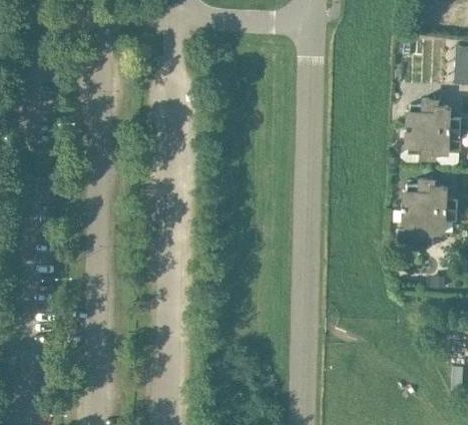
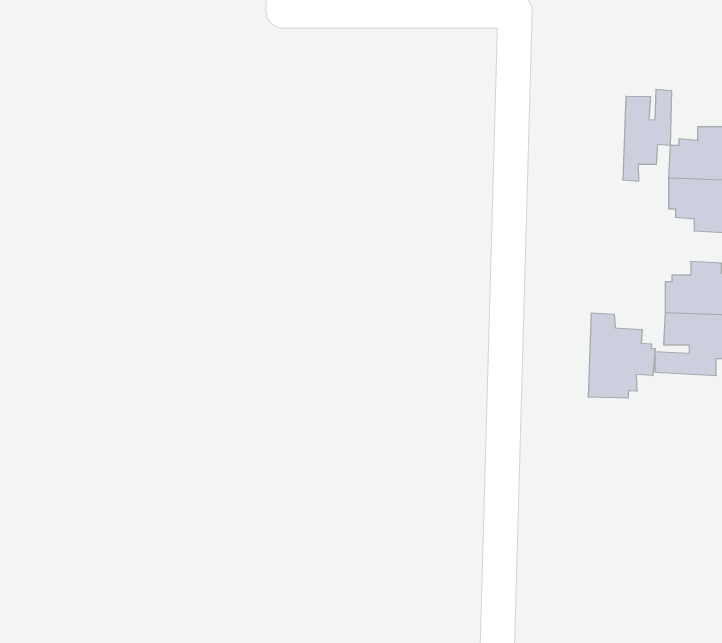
building: none -> [623,89,671,181]
building: none -> [588,313,655,398]

